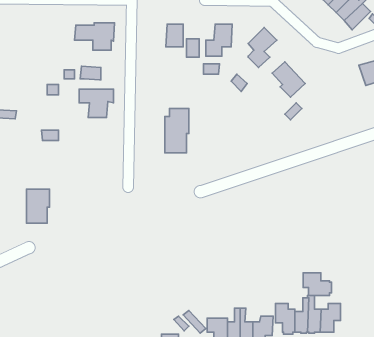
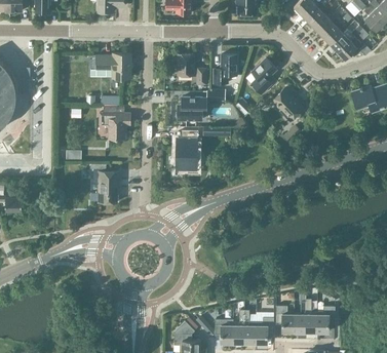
building: none -> [178,97,202,120]
building: [27,189,49,223] -> [99,172,119,203]
building: [303,273,331,295] -> none

